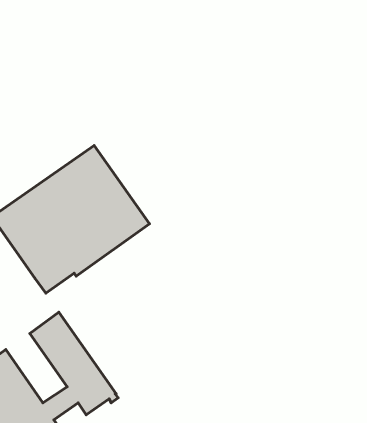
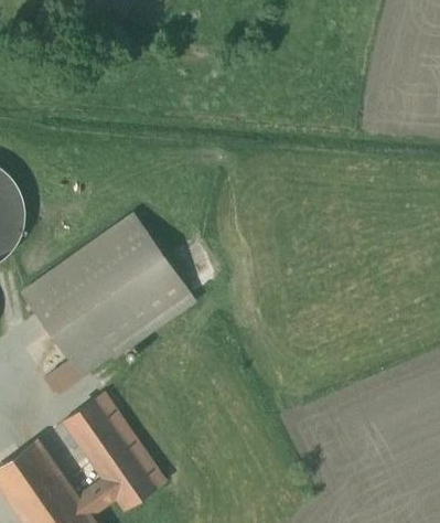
building: none -> [43,360,81,394]

